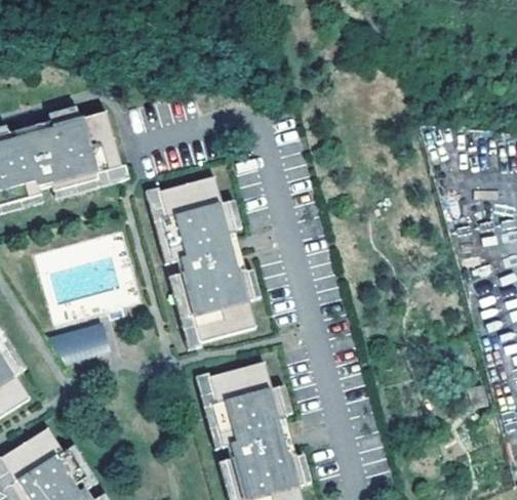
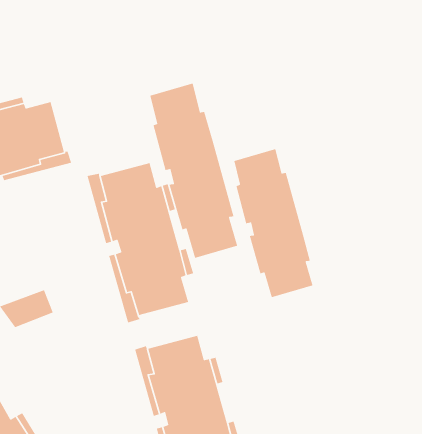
building: none -> [149,82,238,259]
building: none -> [233,148,313,298]

